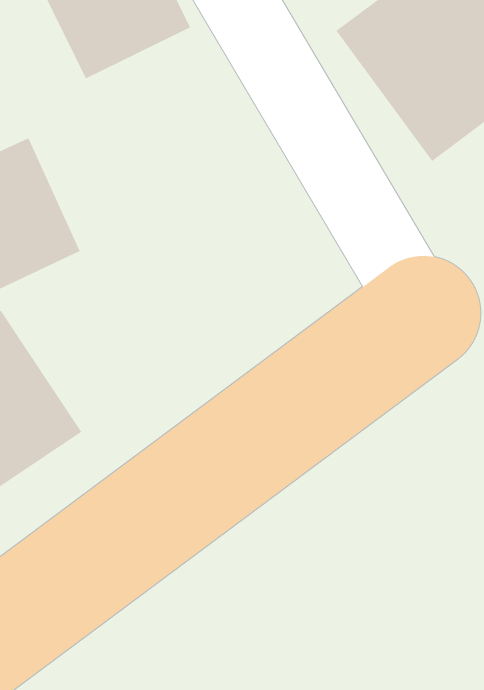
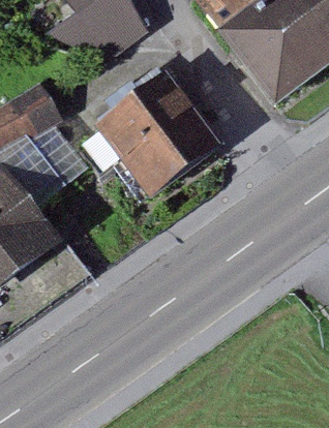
building: none -> [83,75,209,206]

